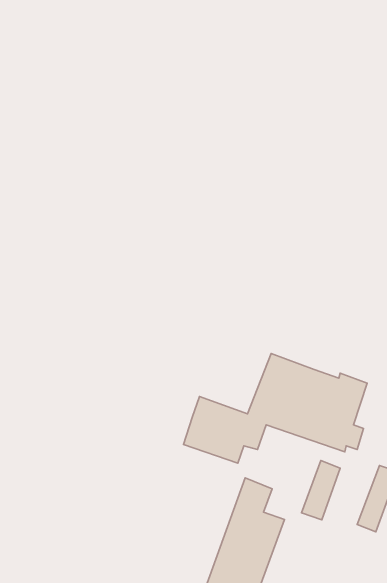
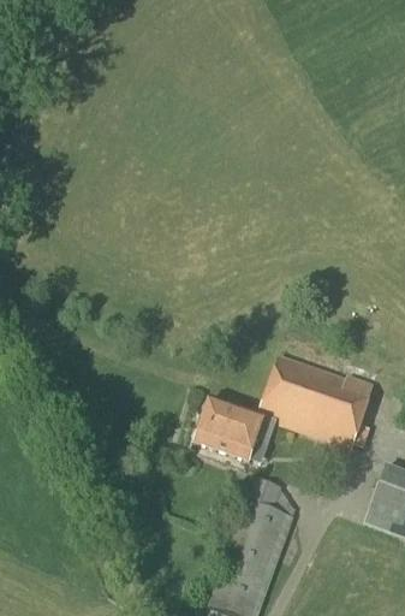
building: [301,461,340,520] -> none

